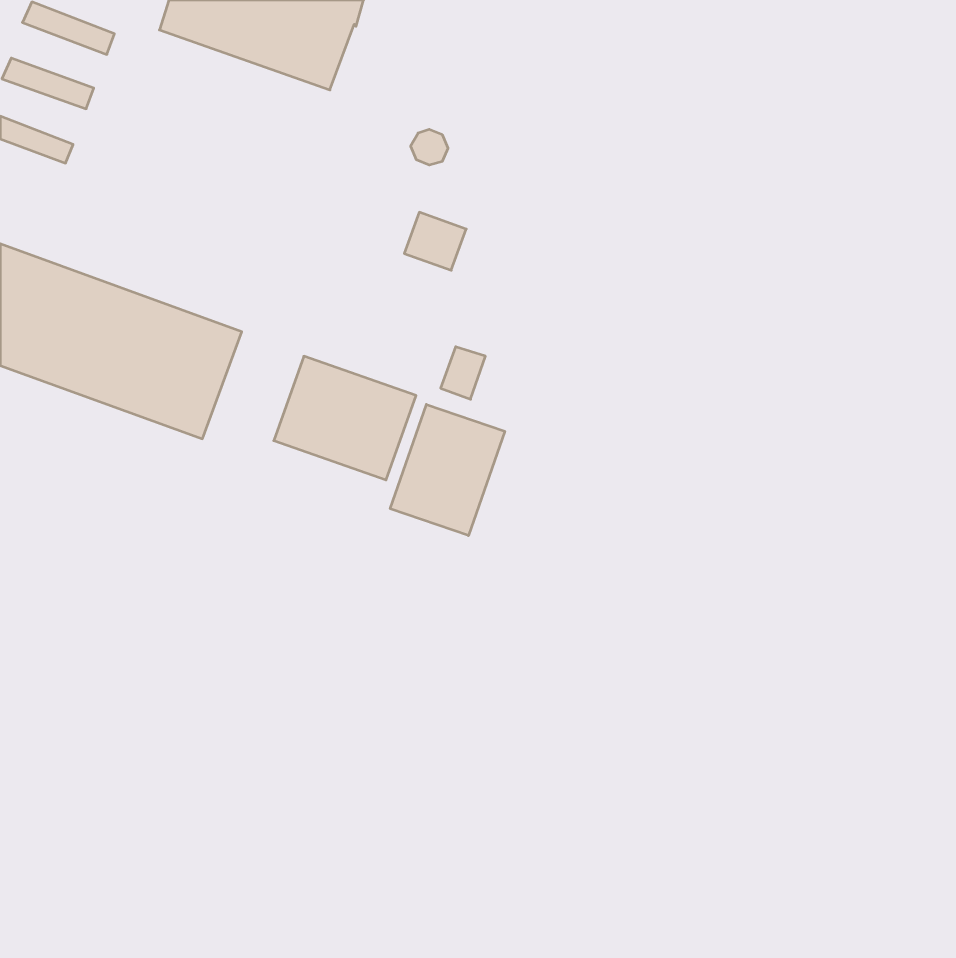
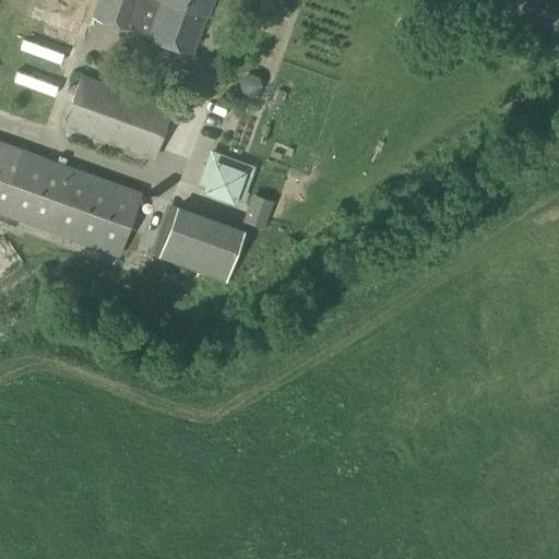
building: none -> [63,75,173,158]
building: [404,212,466,270] -> [206,164,242,198]
building: [390,404,505,536] -> none

